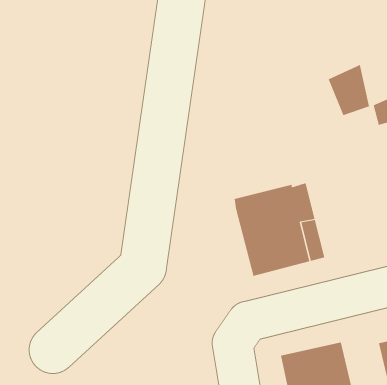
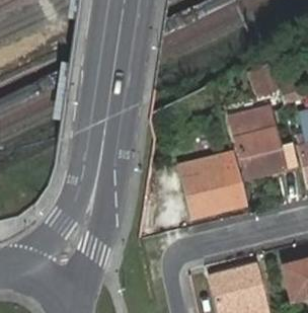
building: none -> [230,103,286,182]

